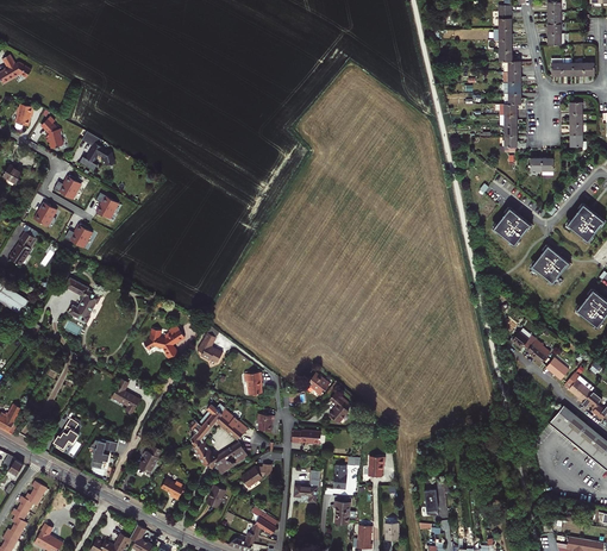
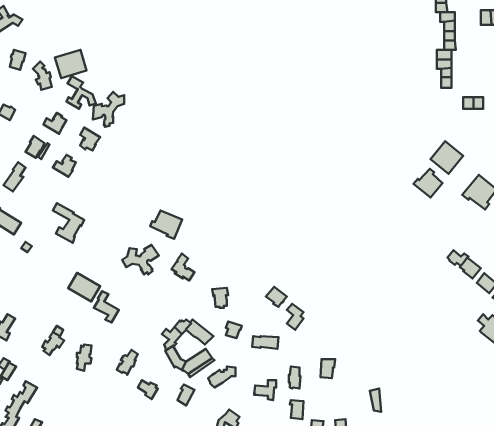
building: none -> [55,50,87,78]
building: none -> [93,92,124,127]
building: none -> [414,169,442,198]
building: none -> [150,211,182,239]
building: none -> [68,273,100,302]

